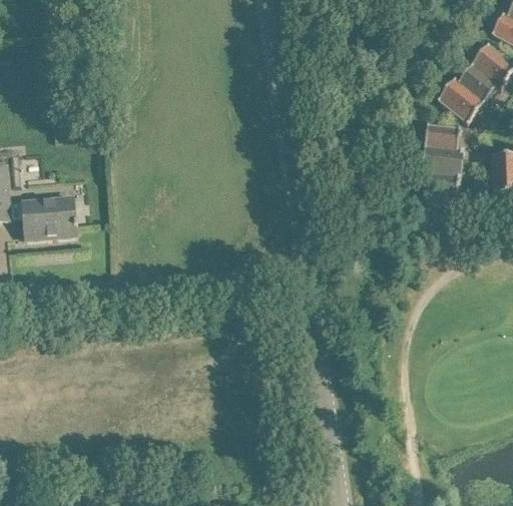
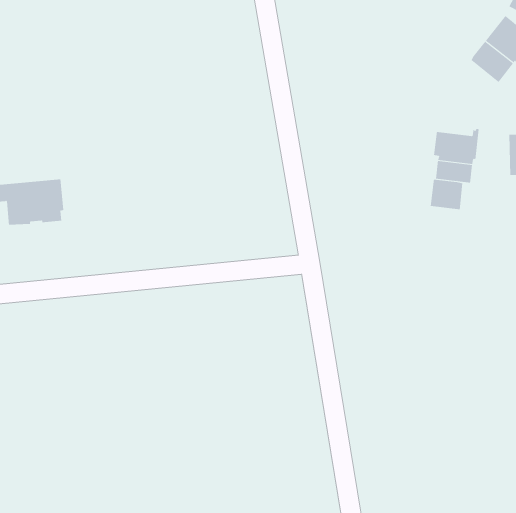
building: [436,78,481,123] -> none
building: [423,122,459,154] -> none
building: none -> [430,179,463,210]

